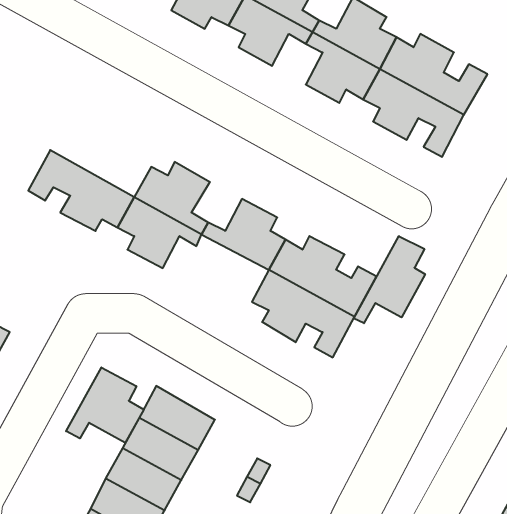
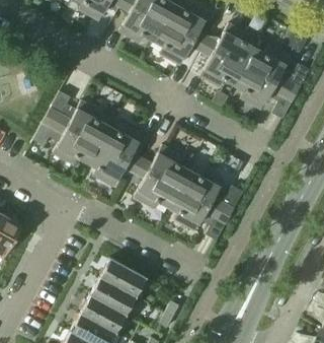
building: none -> [47,91,107,144]
building: none -> [134,166,178,209]
building: [354,236,425,323] -> none
building: [66,367,144,443] -> none

